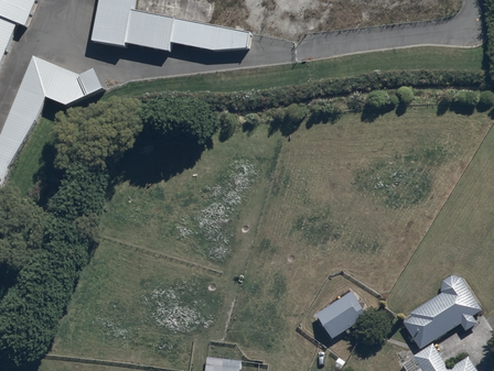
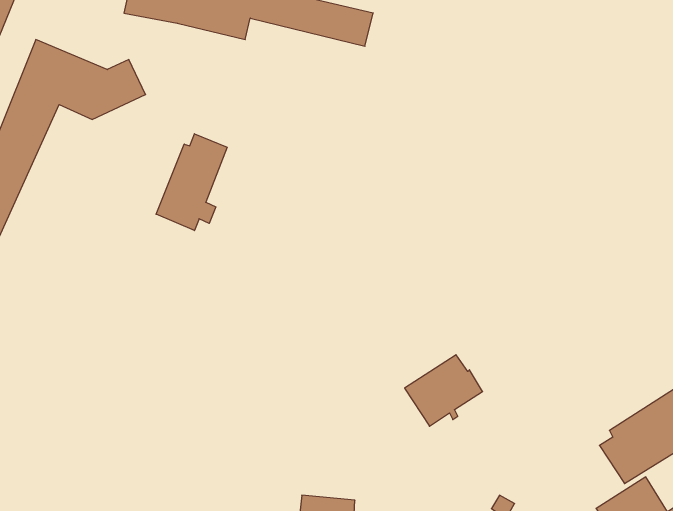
building: none -> [156,134,227,231]
building: [316,292,368,339] -> [405,355,483,426]

